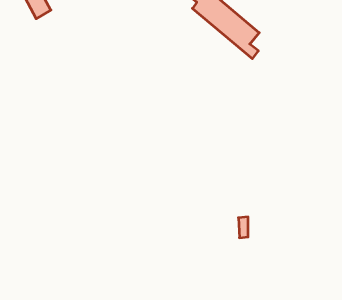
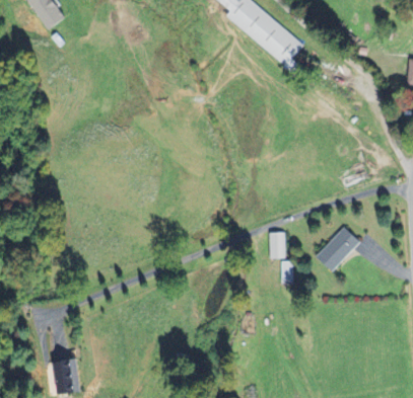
building: none -> [318,226,361,270]
building: none -> [266,232,283,257]

